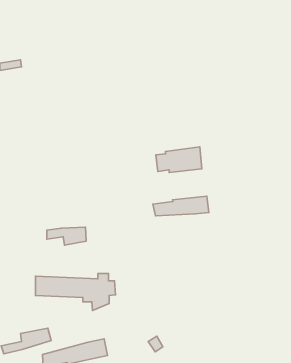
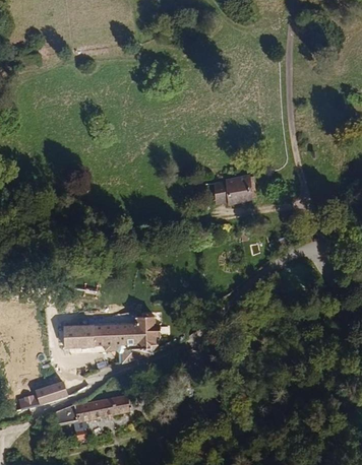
building: [153,196,209,216] -> none
building: [47,227,86,245] -> none

